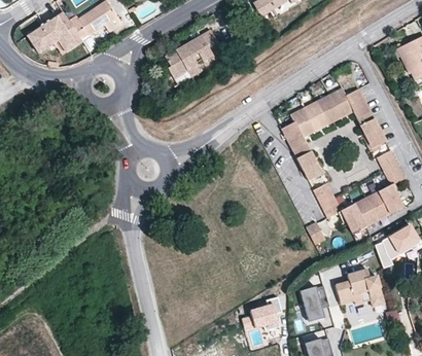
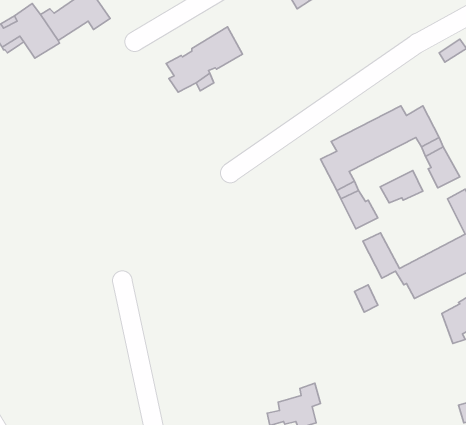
building: none -> [380,170,423,203]
building: [336,269,384,306] -> none
building: [300,285,328,322] -> none

